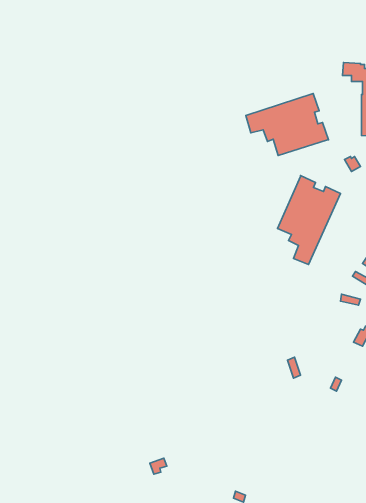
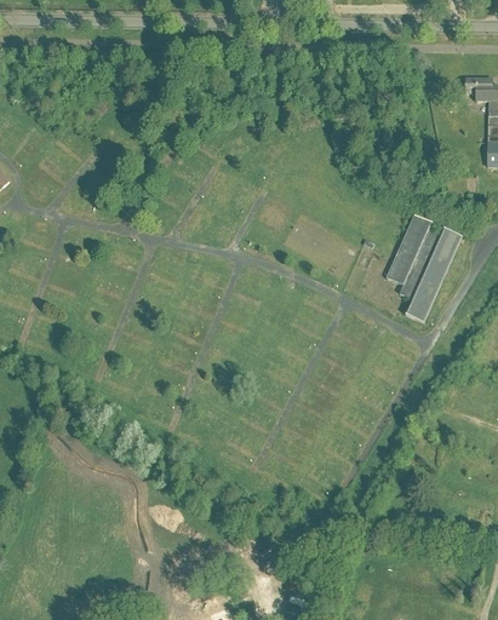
building: [246,93,328,156] -> none

